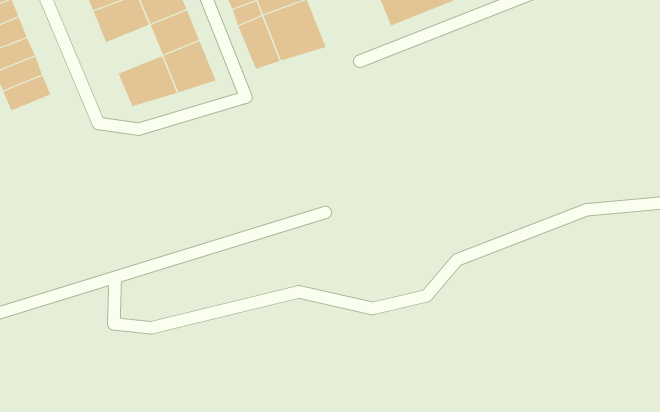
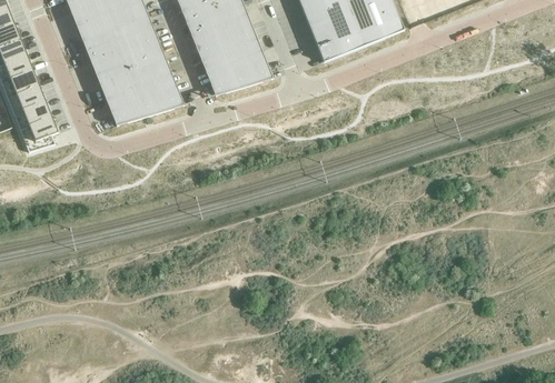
building: none -> [96,59,141,98]
building: none -> [20,114,58,150]

